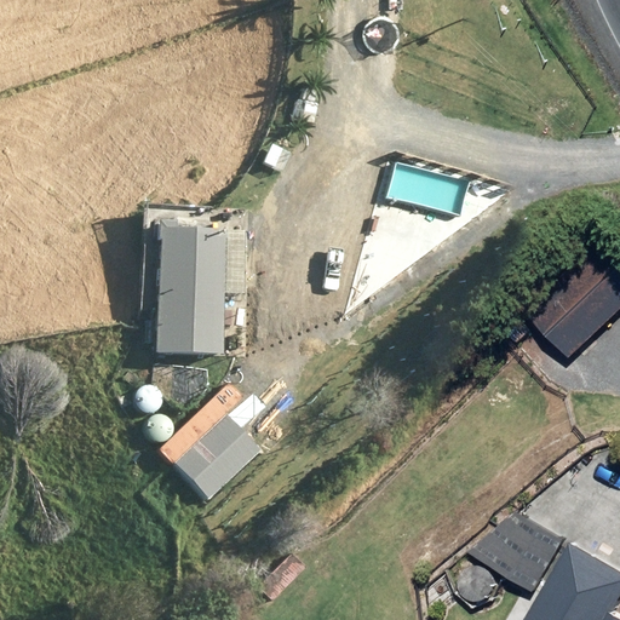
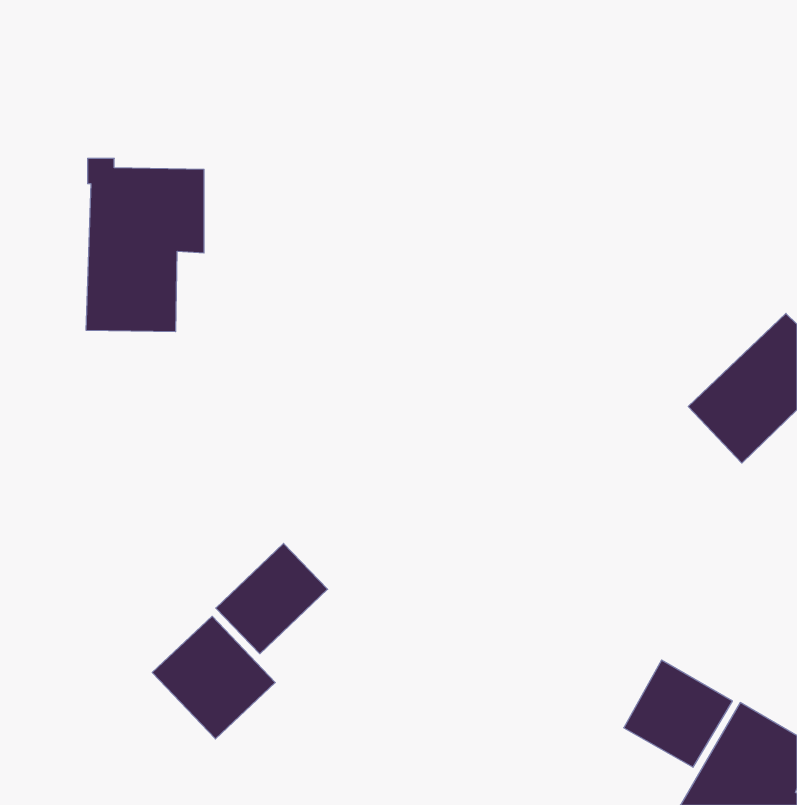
building: [144,225,235,358] -> [86,158,204,332]
building: none -> [152,616,275,739]

